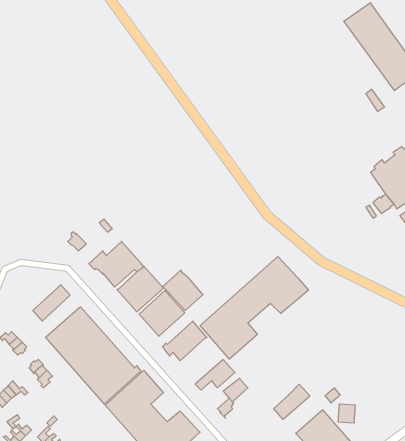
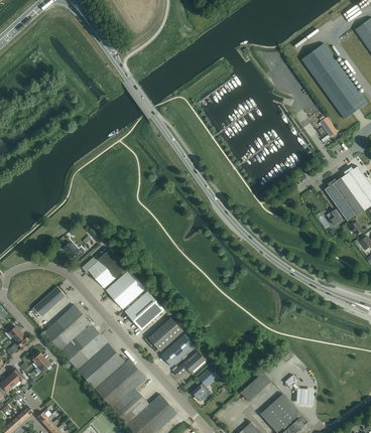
building: [200,257,308,359] -> none
building: [163,270,203,311] -> none
building: none -> [161,334,195,367]

